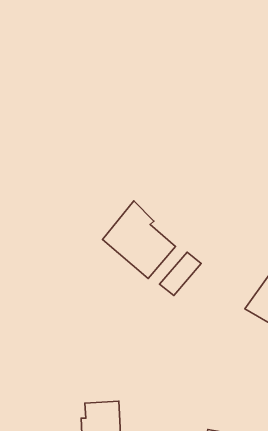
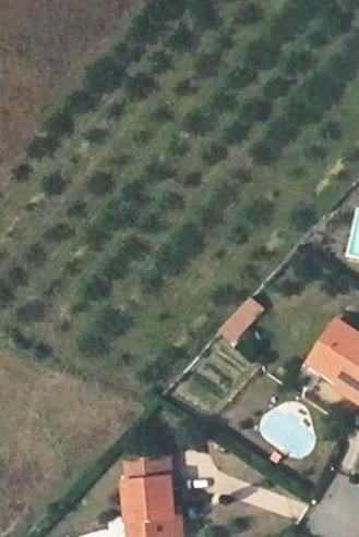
building: [102,201,175,279] -> none

